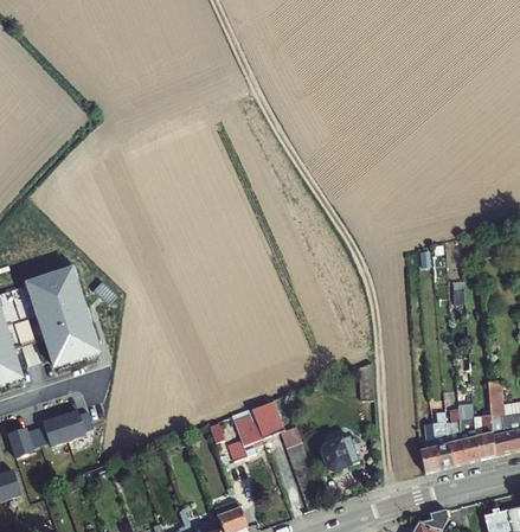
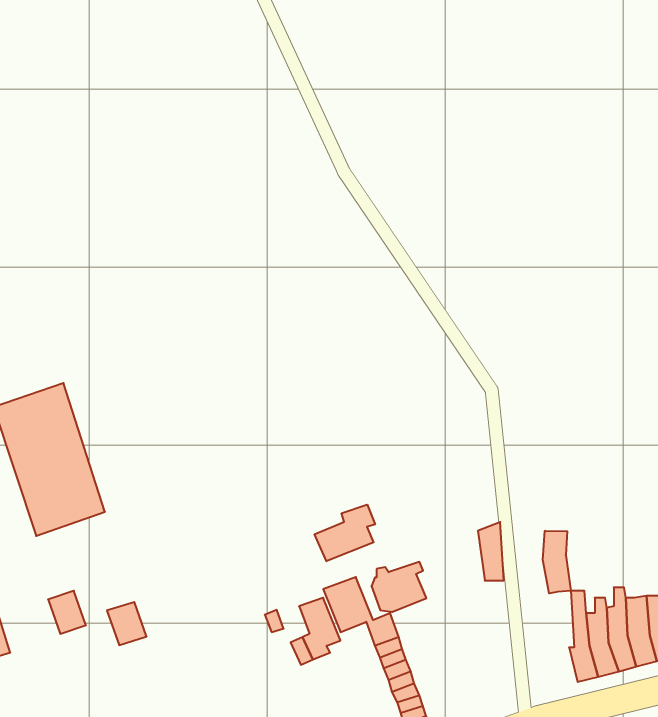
building: none -> [315,505,375,561]
building: none -> [543,531,571,593]
building: [43,415,70,444] -> [107,602,147,645]
building: [323,435,361,469] -> [371,562,426,612]

